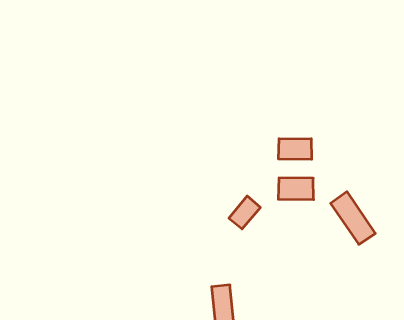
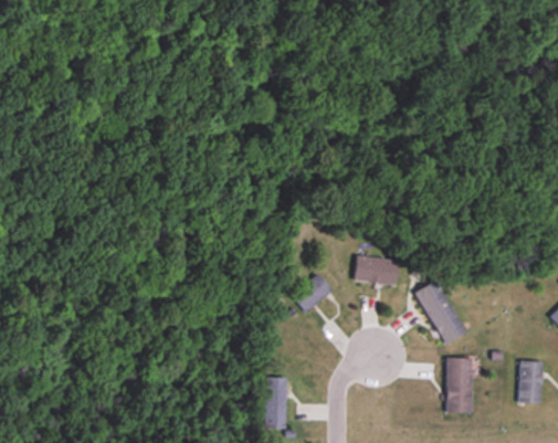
building: [279,139,312,159] -> none
building: none -> [448,358,472,413]

